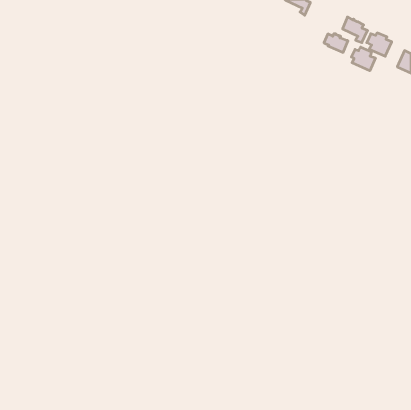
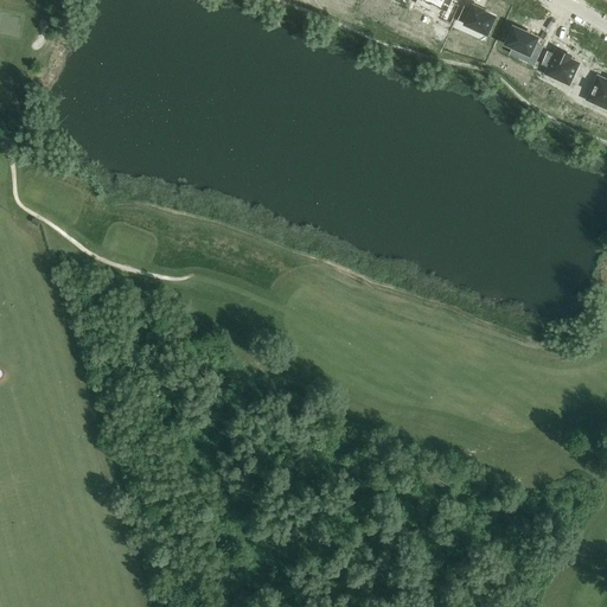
building: [324,34,348,52] -> [458,5,493,32]
building: [351,47,375,71] -> none

